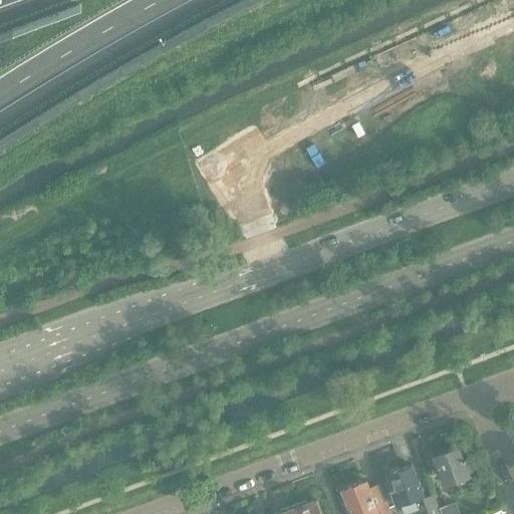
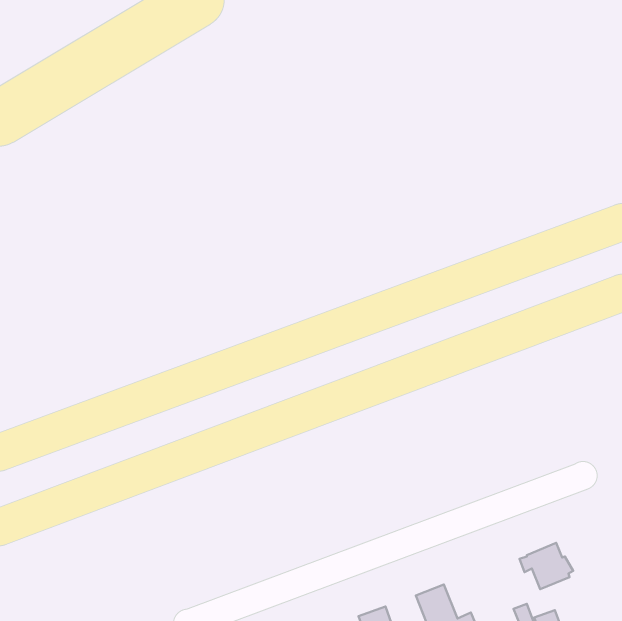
building: [387,467,423,508] -> none

